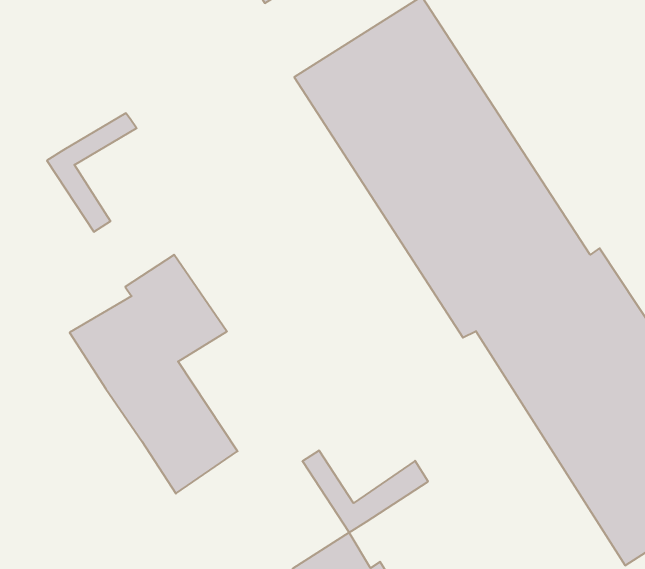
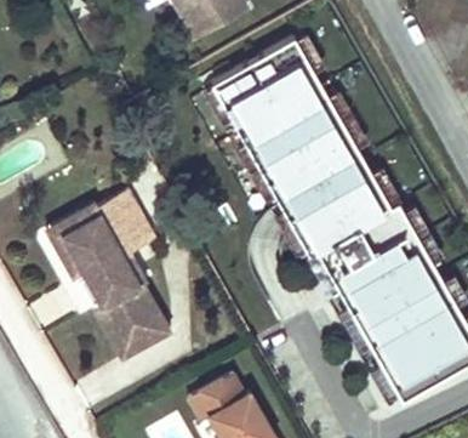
building: [47,113,137,232] -> [46,205,103,278]
building: [302,451,428,532] -> [93,306,171,358]

